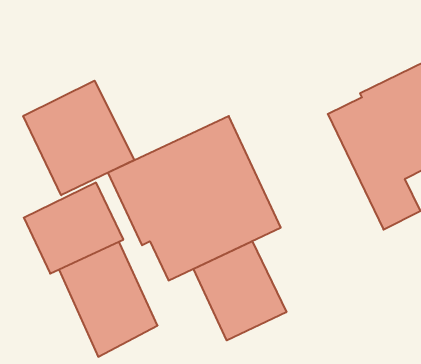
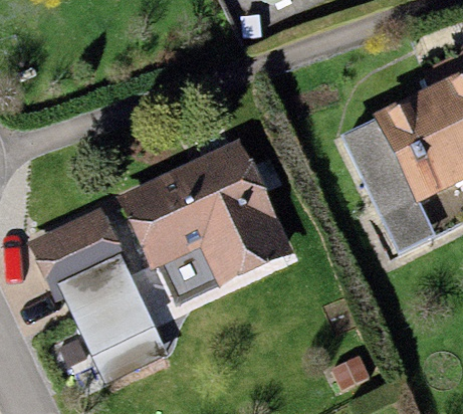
building: [23,81,134,195] -> none
building: [194,241,286,340] -> none

